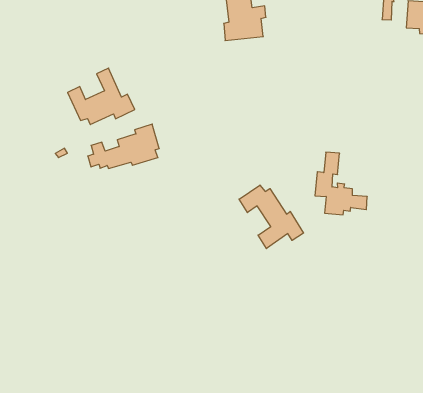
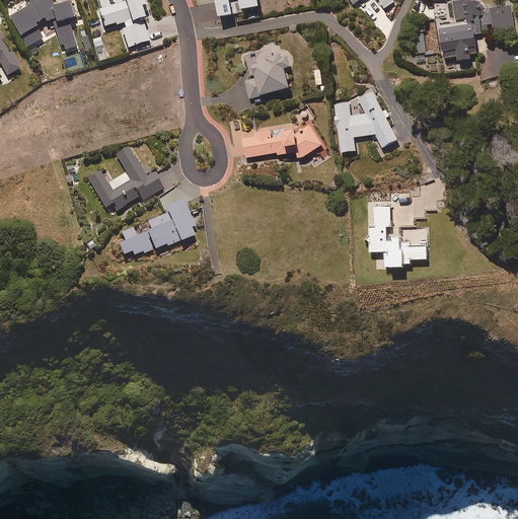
building: none -> [334,90,397,151]
building: none -> [242,124,321,157]
building: [239,185,304,249] -> none

